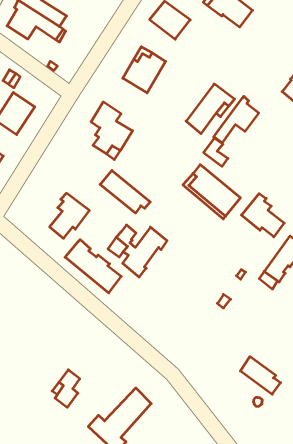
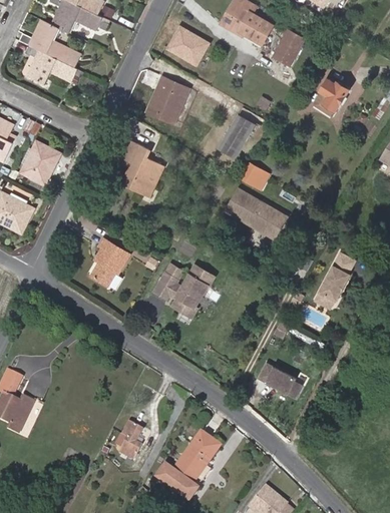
building: none -> [274,29,303,63]
building: [214,96,259,143] -> none
building: [100,170,150,213] -> none
building: [241,194,284,237] -> none
building: [65,240,121,293] -> none
building: [240,357,281,394] -> [258,362,301,398]

